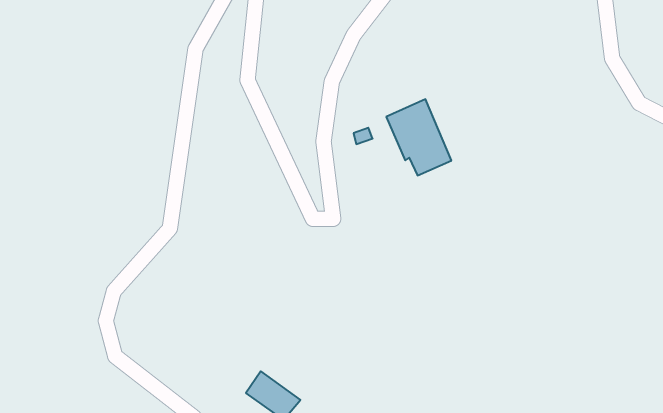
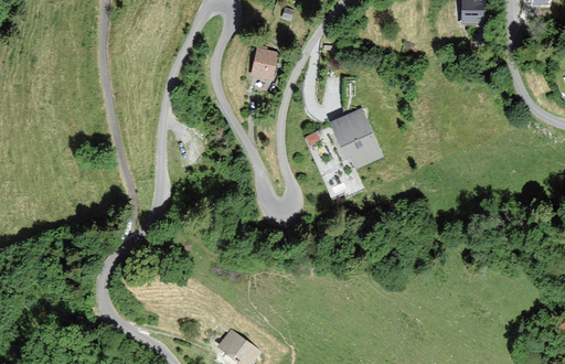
building: none -> [252,46,278,79]

